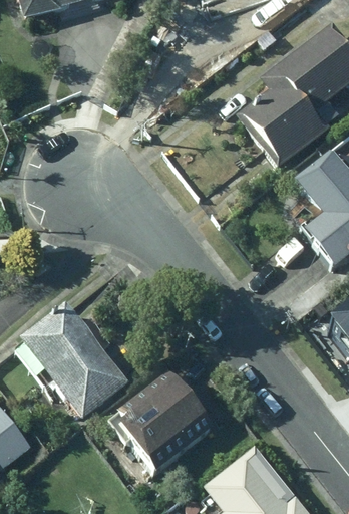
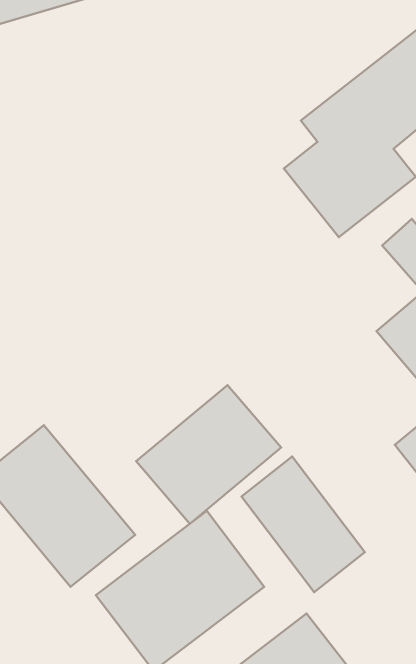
building: none -> [136,385,281,524]
building: none -> [241,457,365,592]

